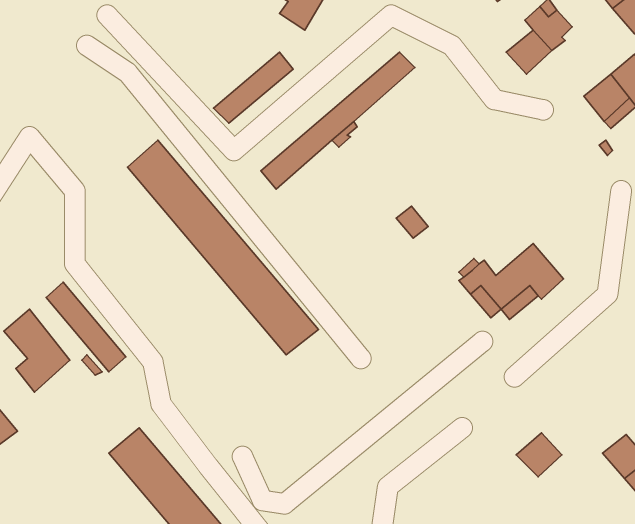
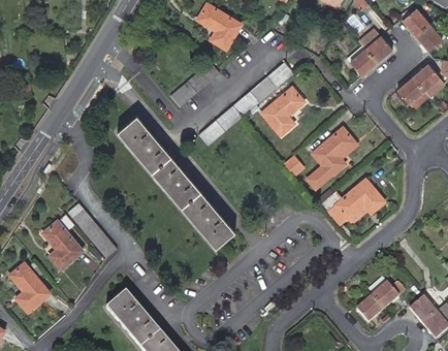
building: none -> [261,87,303,134]
building: none -> [308,127,354,188]
building: none -> [365,276,405,308]

